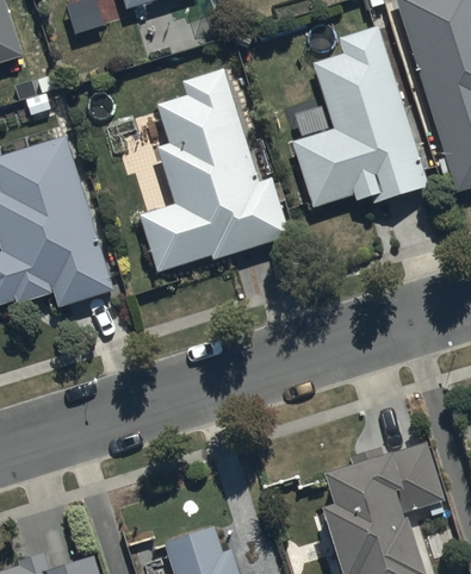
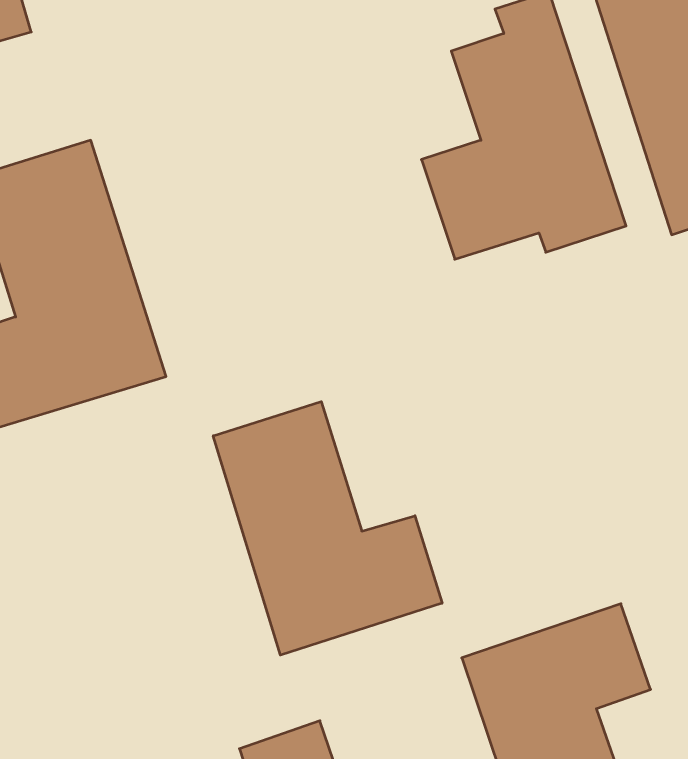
building: [137,64,289,275] -> none
building: none -> [213,402,442,655]

